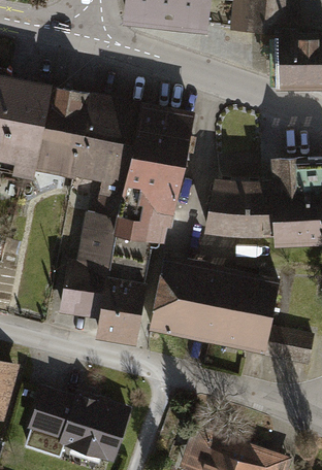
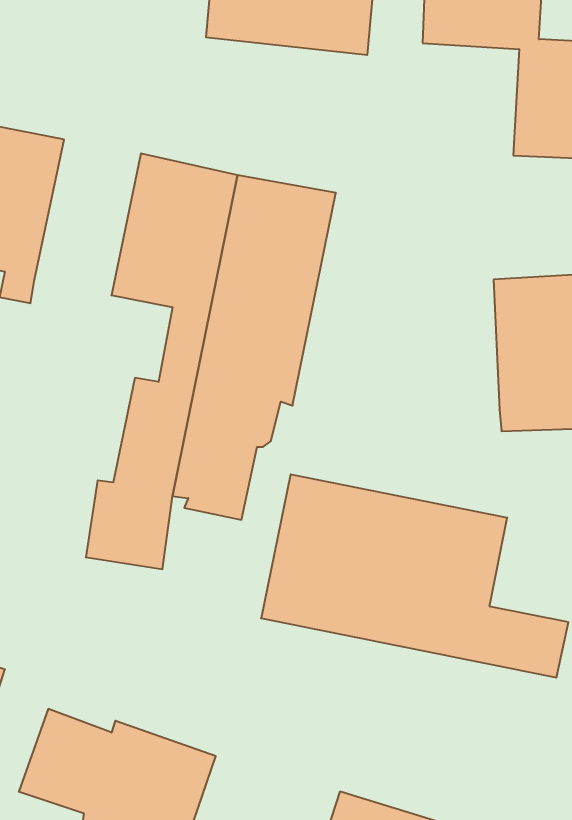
building: [33,88,89,169] -> none
building: [205,181,277,231] -> none
building: [96,274,143,336] -> none

